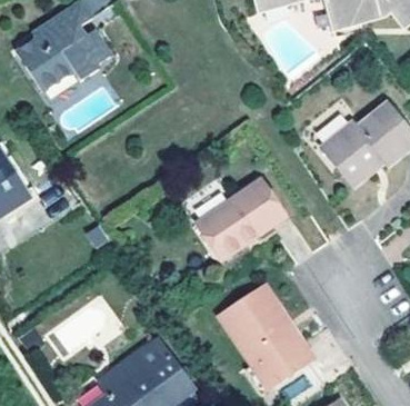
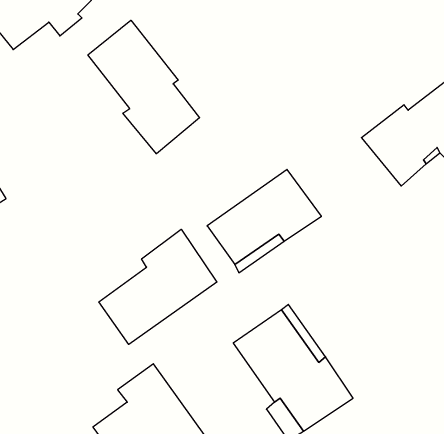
building: none -> [88,20,200,154]
building: none -> [99,229,217,344]

